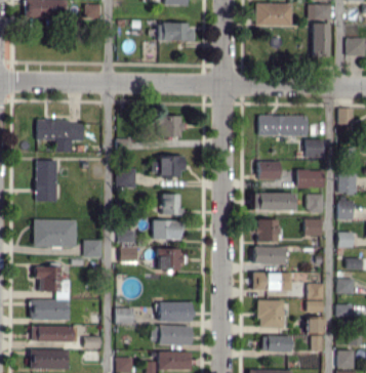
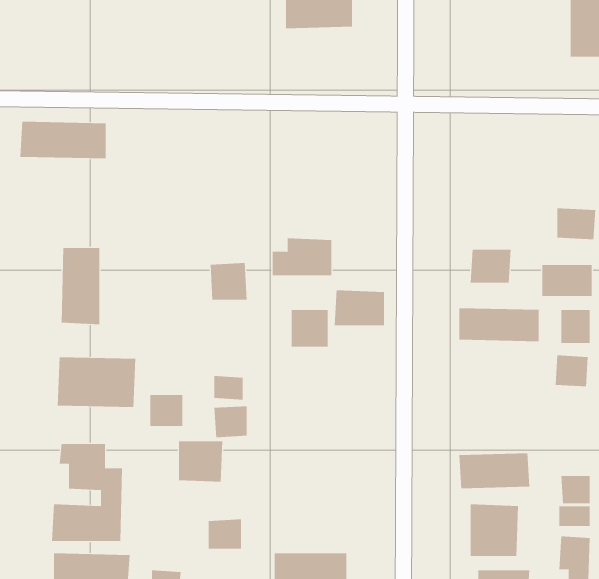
building: [258,115,308,135] -> none
building: [159,116,182,137] -> none
building: [37,120,84,140] -> [20,121,106,159]
building: [153,219,180,239] -> [334,290,385,326]
building: [256,219,280,242] -> none
building: [254,246,285,264] -> none
building: [158,248,182,271] -> [178,441,223,482]
building: [159,301,192,322] -> none

